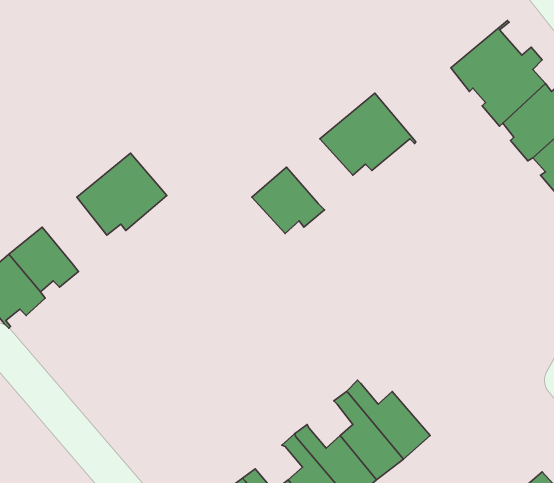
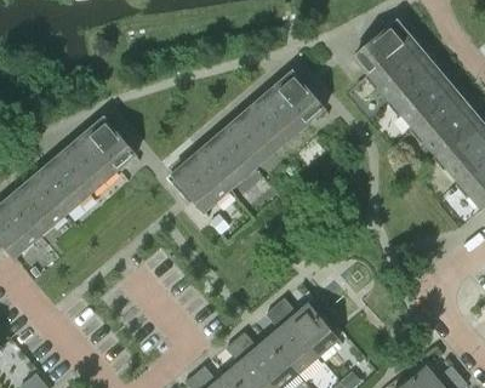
building: none -> [228,110,283,160]
building: none -> [40,155,95,206]
building: none -> [175,155,230,211]

